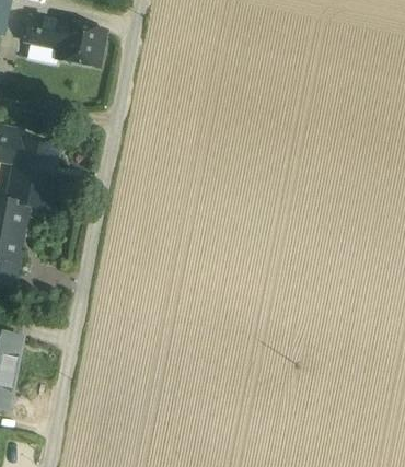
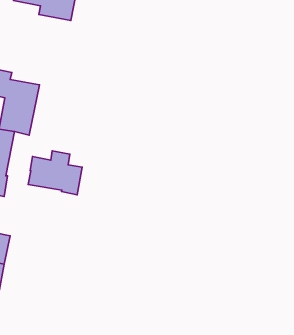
building: none -> [28,151,82,195]

